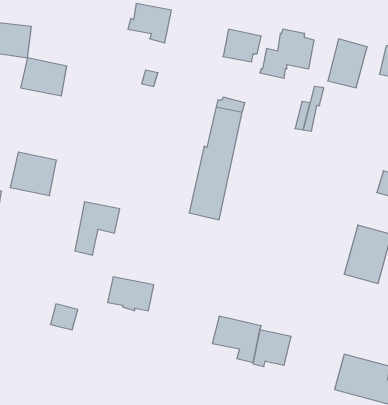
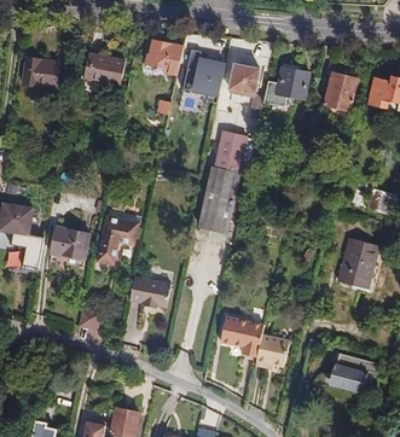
building: none -> [184,48,226,103]
building: [21,58,67,96] -> [83,52,124,86]
building: [10,152,56,196] -> [48,226,89,264]

